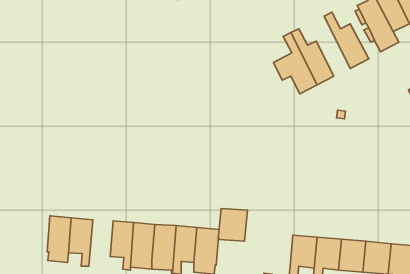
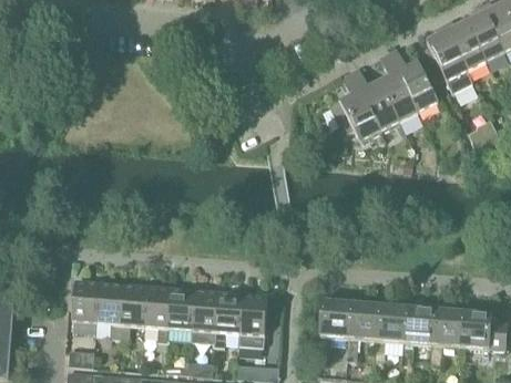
building: none -> [378,52,417,121]
building: [218,208,247,241] -> [318,300,351,338]
building: none -> [119,284,146,339]

